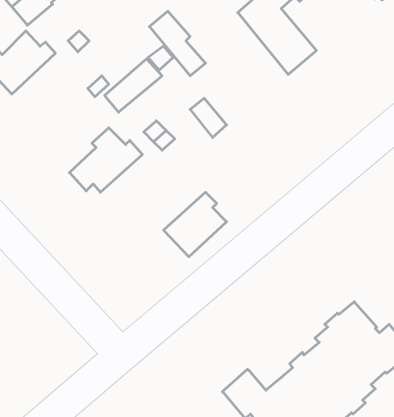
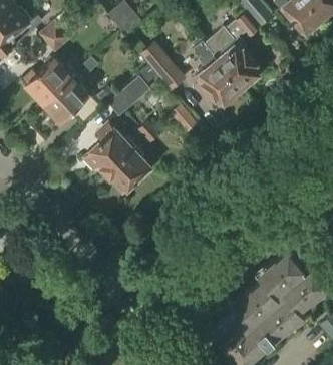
building: none -> [191,41,240,105]
building: none -> [42,73,88,125]
building: [164,192,227,257] -> [105,145,150,192]

